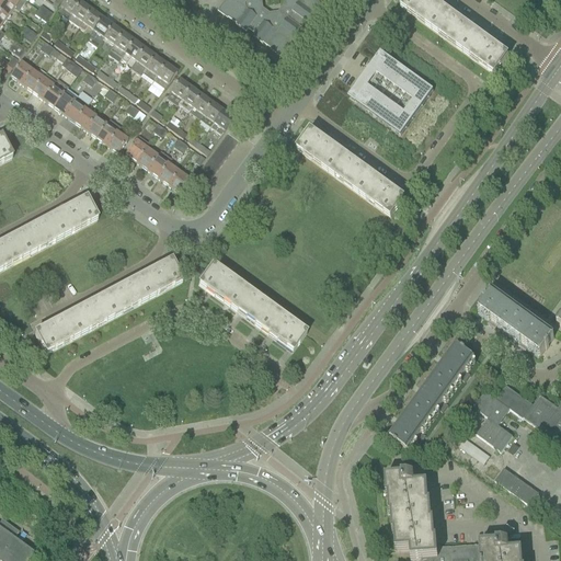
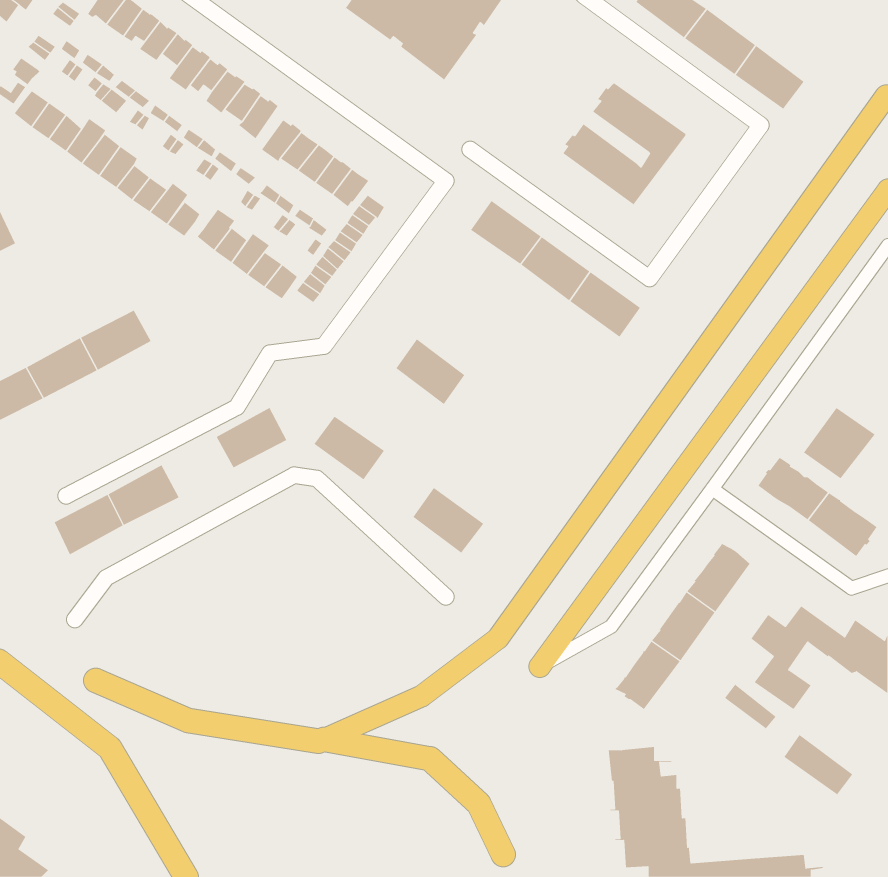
building: none -> [803,407,876,479]
building: [102,275,147,313] -> none
building: [229,284,273,325] -> [395,339,465,405]

